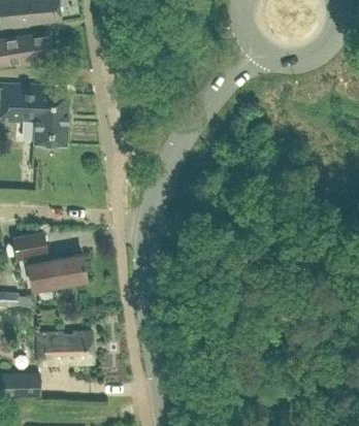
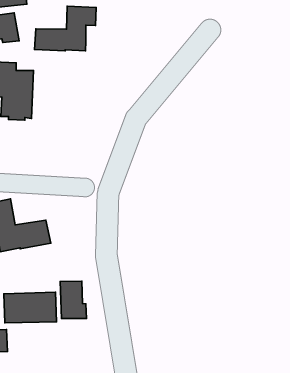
building: none -> [35,6,96,51]
building: none -> [60,281,87,318]

